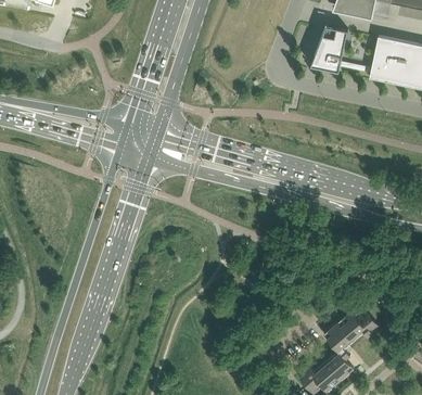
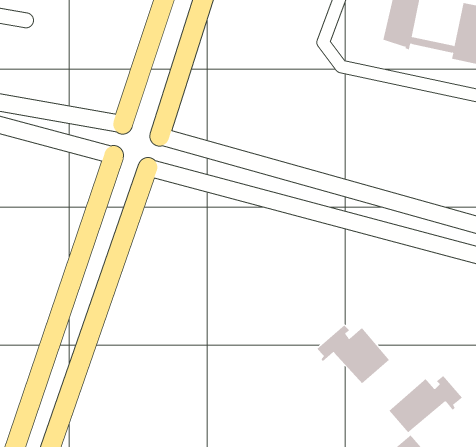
building: none -> [316,325,390,384]

